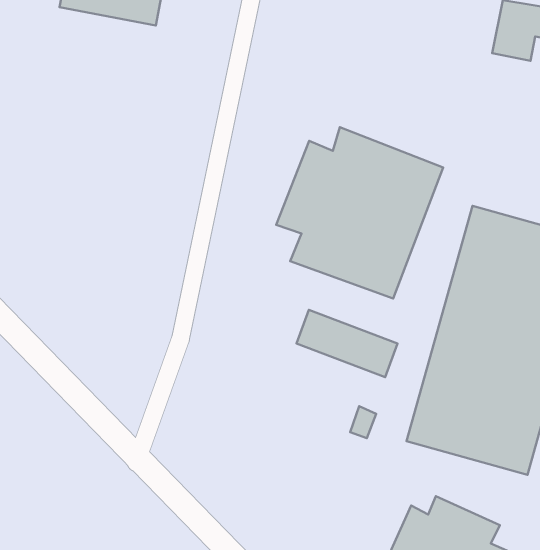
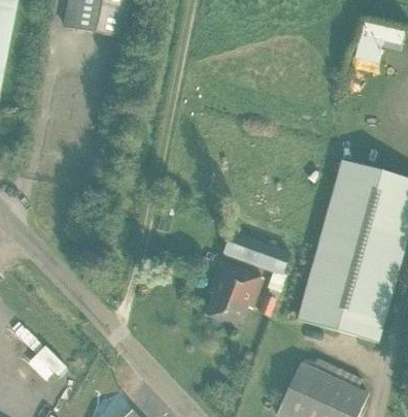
building: [276,127,443,299] -> none
building: none -> [204,263,262,329]

